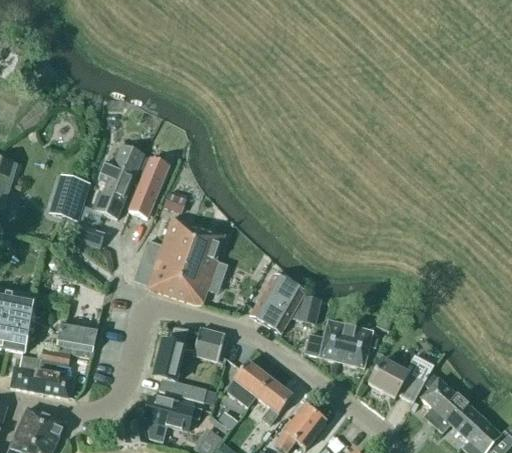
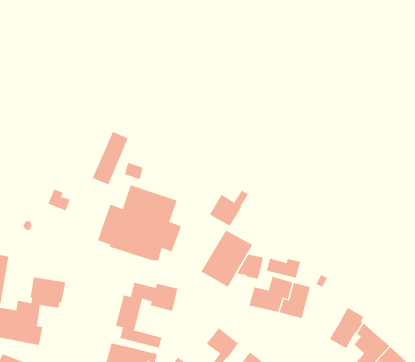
building: [95,145,143,218] -> none
building: [62,180,85,218] -> none
building: none -> [209,189,249,227]
building: none -> [266,258,301,279]
building: [367,358,405,398] -> none
building: [232,361,269,406] -> none

